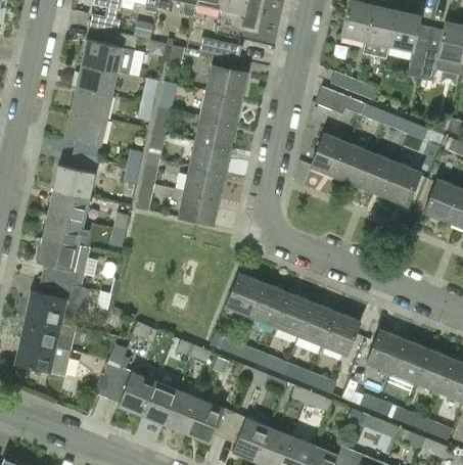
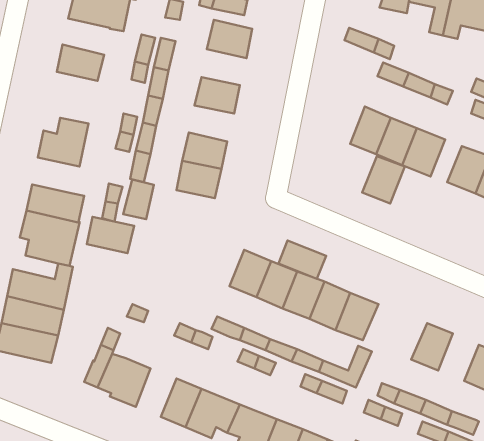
building: [75,63,118,96] -> none
building: [314,85,365,115] -> none
building: [200,91,241,124] -> none
building: [64,111,106,158] -> none
building: [310,134,349,177] -> [362,156,405,204]
building: [189,142,230,175] -> none
building: [47,189,90,222] -> [87,217,134,253]
building: none -> [123,179,154,219]
building: none -> [278,240,326,279]
building: [366,329,405,372] -> none
building: [415,348,452,391] -> none
building: [141,380,178,424] -> none

